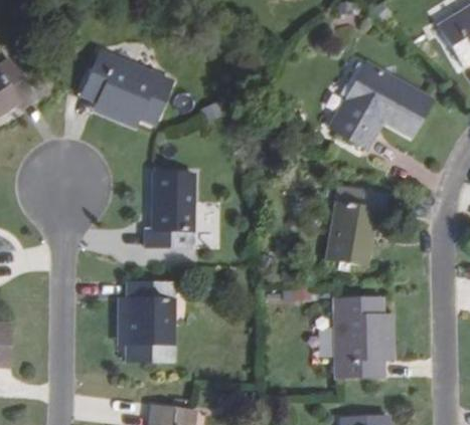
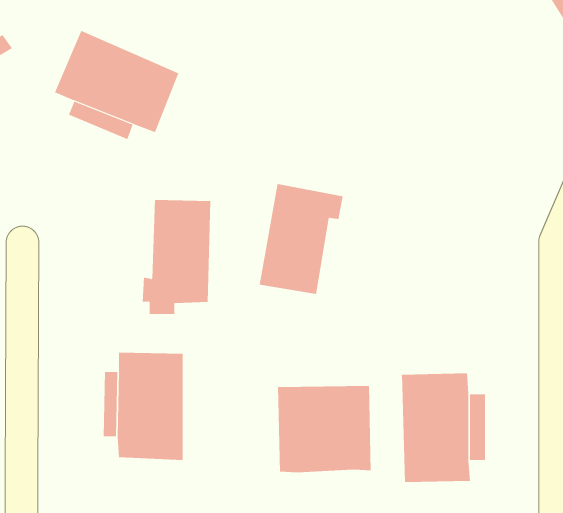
building: [329,61,432,148] -> none
building: [325,185,386,265] -> [259,184,343,295]
building: none -> [278,385,371,473]

